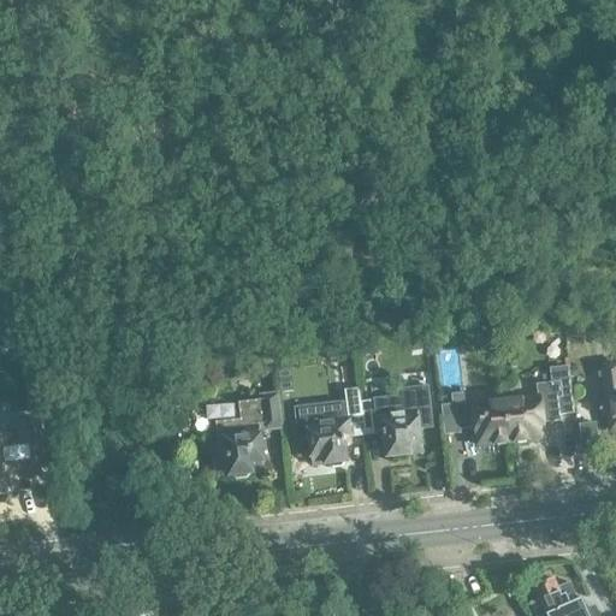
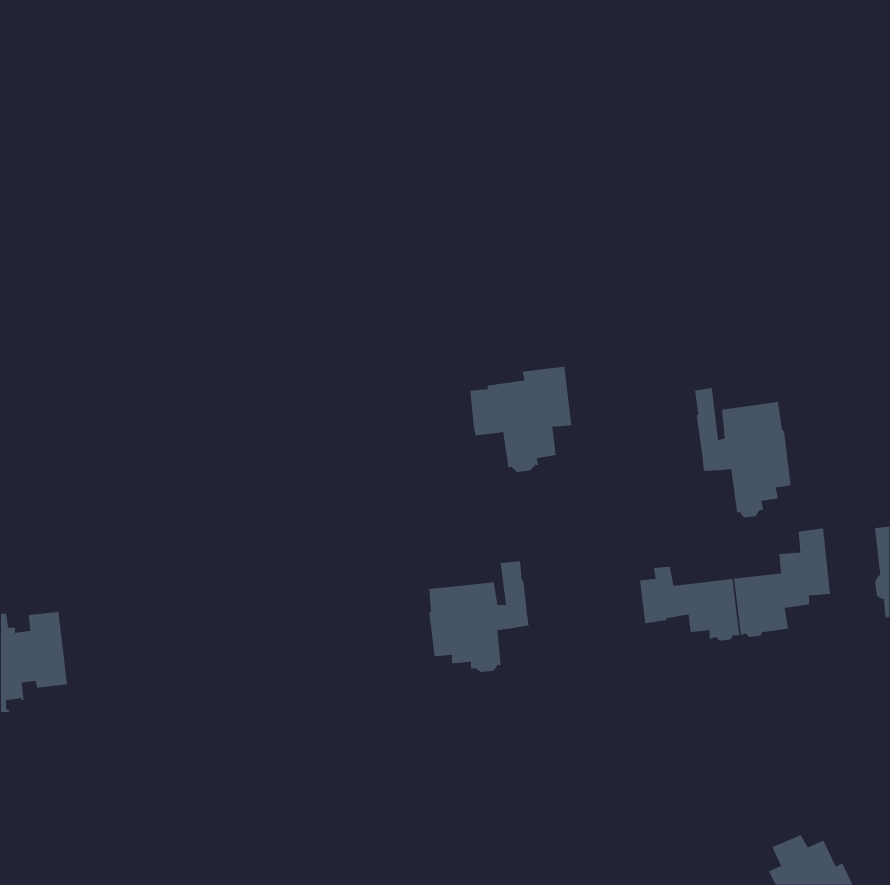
building: none -> [694,387,791,518]
building: [362,384,433,457] -> [470,366,572,472]
building: [217,391,283,476] -> none

